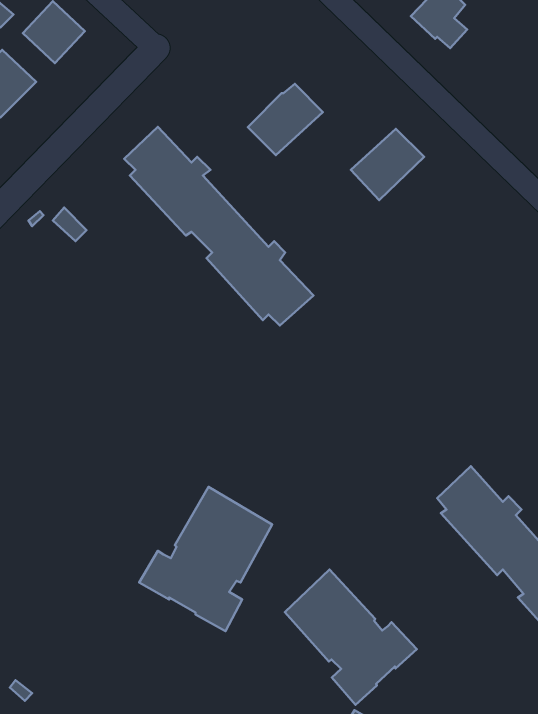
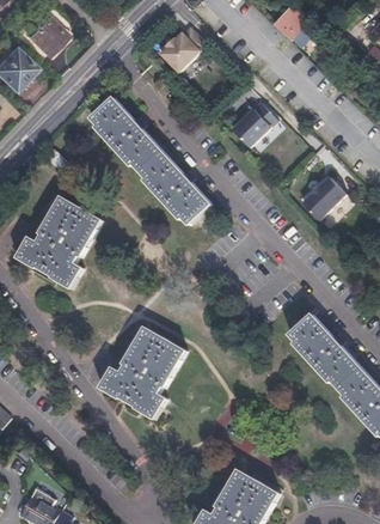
building: [248,84,323,155] -> [160,26,208,72]
building: none -> [304,177,347,220]
building: none -> [18,196,103,288]
building: [285,570,417,705] -> none

